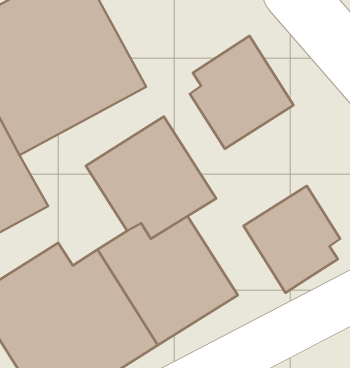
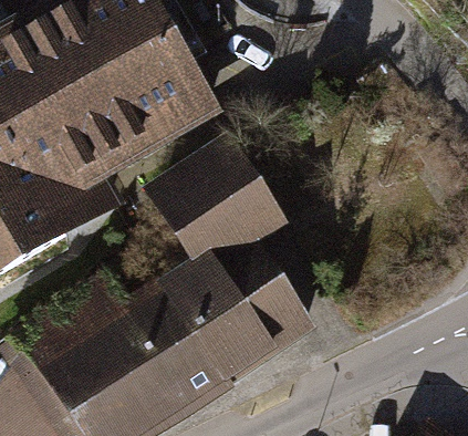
building: [190,36,293,149] -> none
building: [244,186,340,293] -> none

